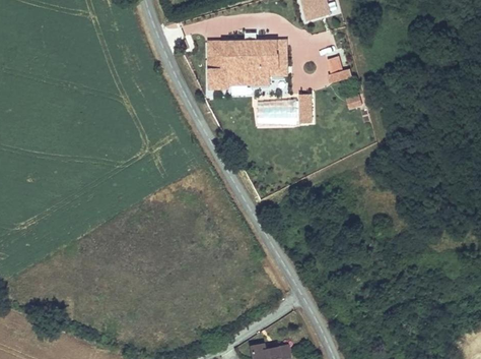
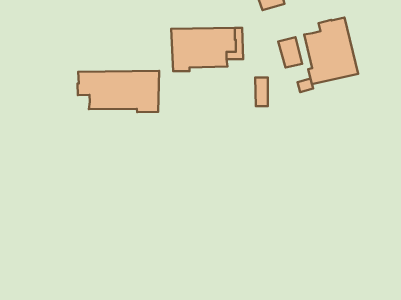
building: none -> [304,17,358,84]
building: none -> [78,71,159,112]

